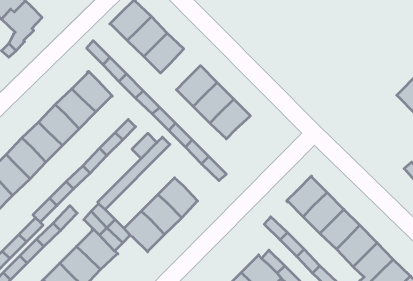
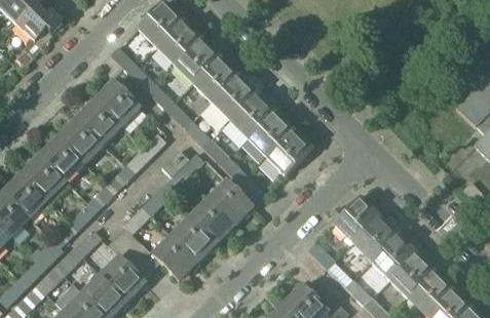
building: none -> [192,56,236,102]
building: none -> [265,130,310,175]
building: none -> [208,181,252,225]

